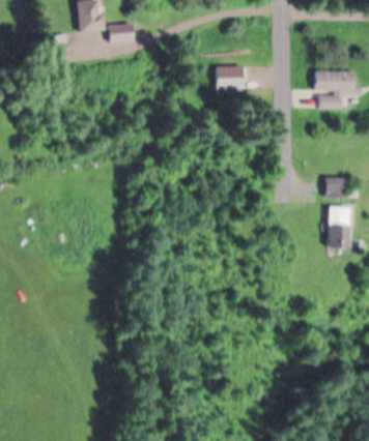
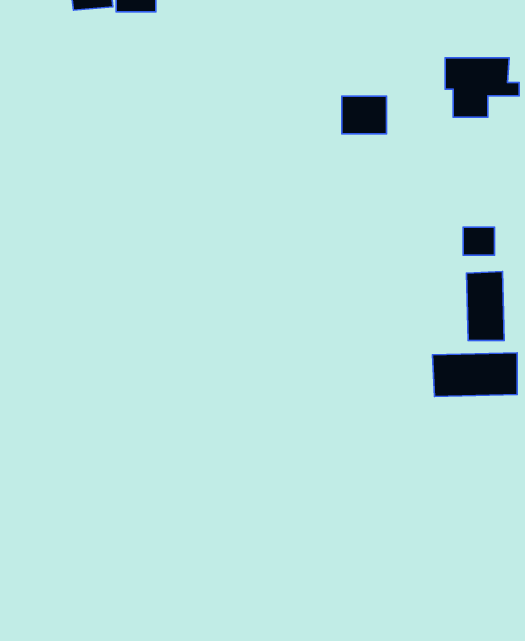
building: [216,65,244,89] -> [342,96,386,134]
building: none -> [432,353,517,396]

